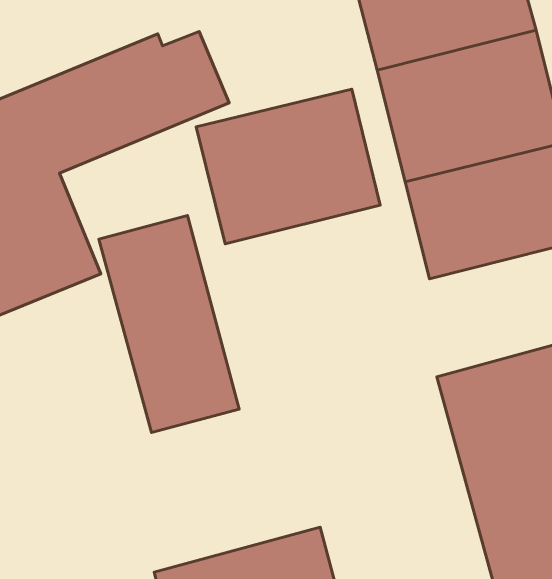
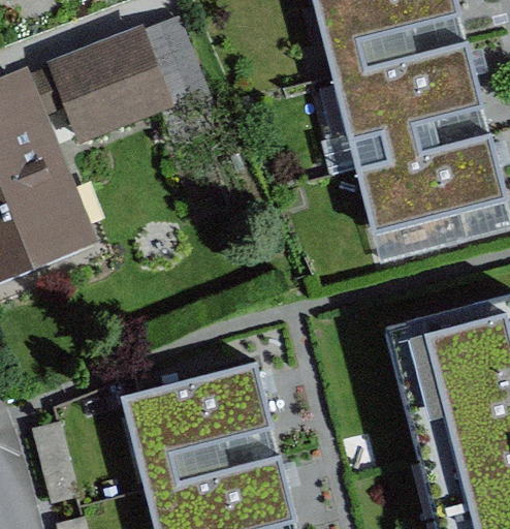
building: [196,89,380,244] -> none
building: [99,215,239,432] -> none
building: none -> [119,359,282,478]

